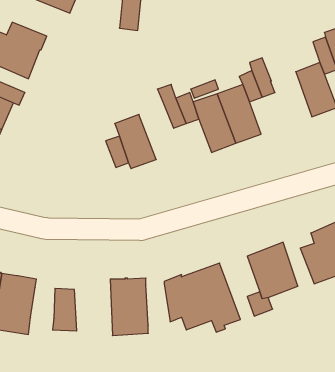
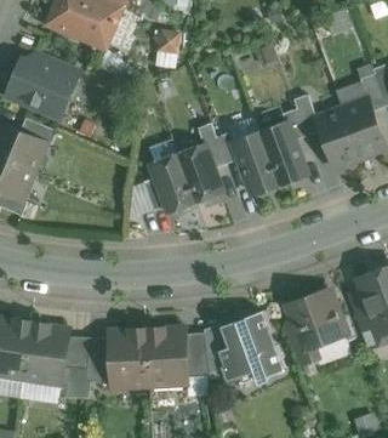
building: none -> [316,109,360,166]
building: none -> [178,144,223,201]
building: none -> [110,328,150,389]
building: none -> [186,332,211,376]
building: none -> [64,336,90,369]

